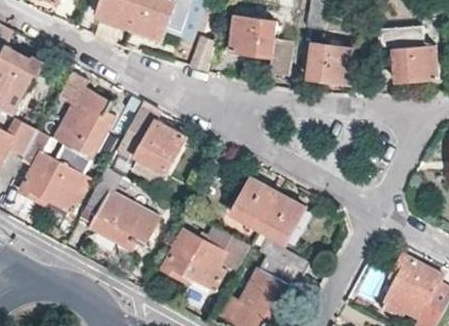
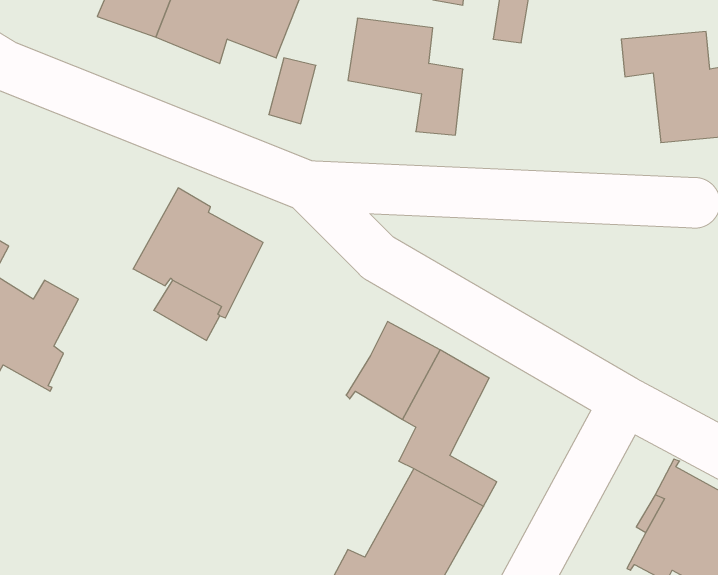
building: [308,42,354,83] -> none
building: [55,71,114,159] -> none
building: [85,168,158,249] -> none
building: [162,230,249,293] -> none

